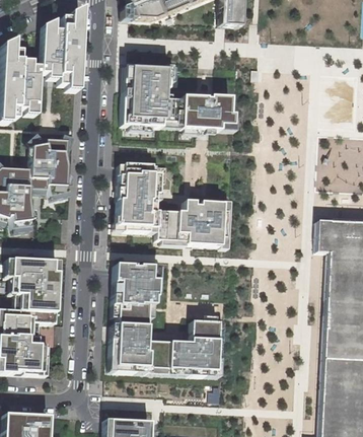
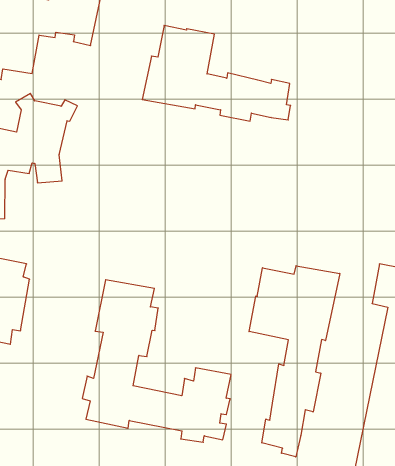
building: [118,163,228,244] -> none
building: none -> [249,266,340,457]

